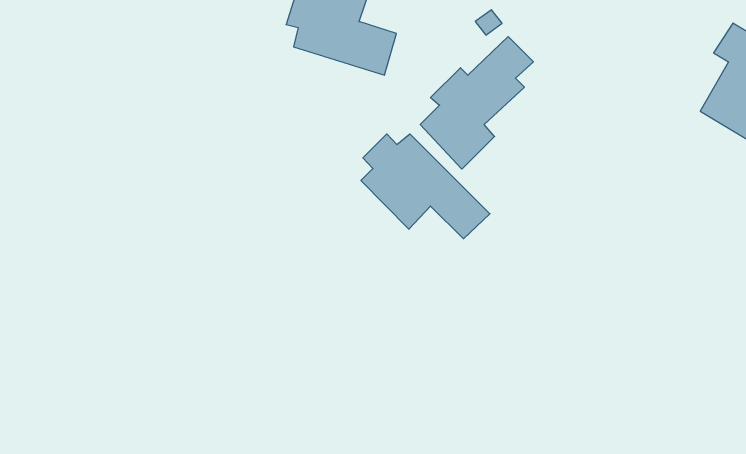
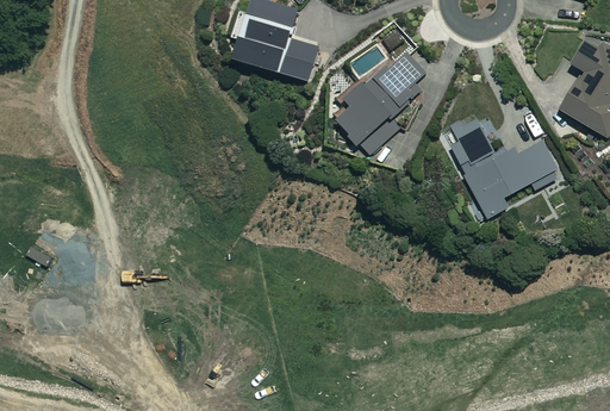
building: none -> [452,117,561,217]
building: [361,134,490,239] -> none

